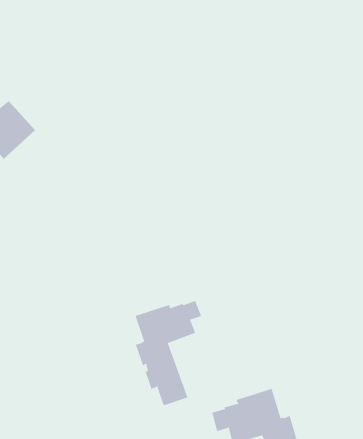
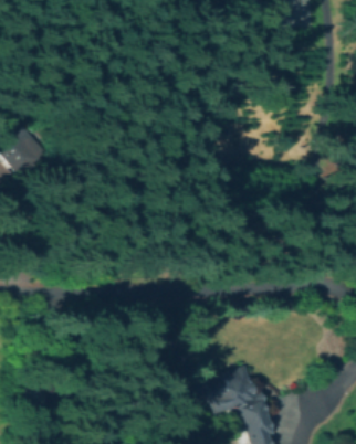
building: [135,300,202,406] -> none

